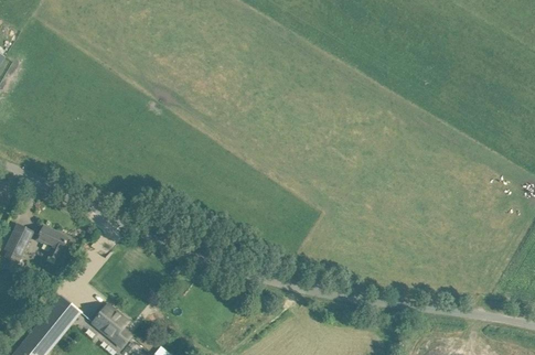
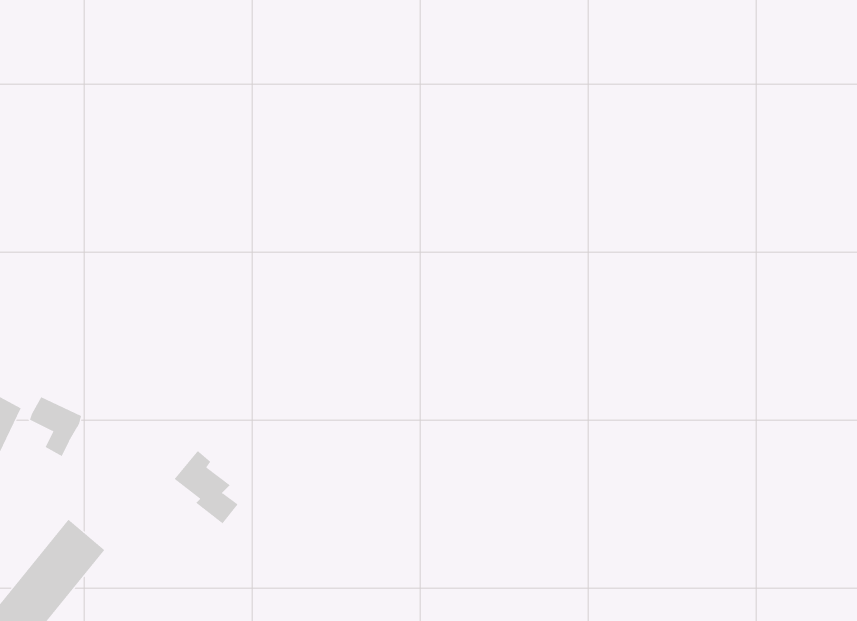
building: [92,304,130,346] -> [170,450,238,524]

